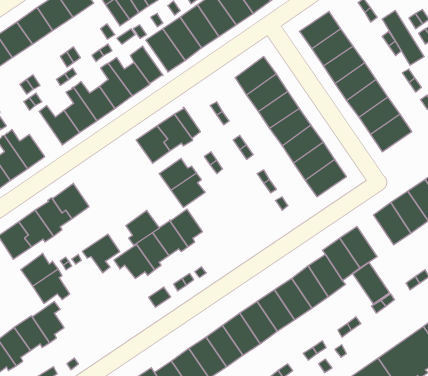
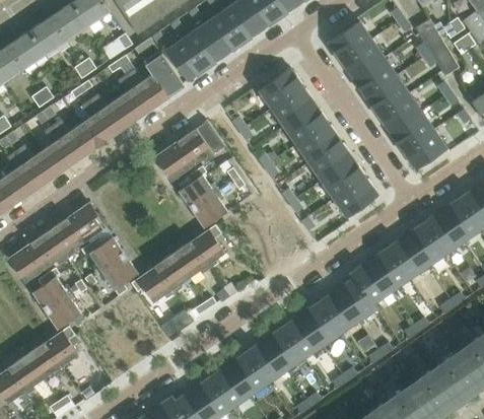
building: none -> [42,126,76,173]
building: [126,210,159,245] -> [89,237,125,274]
building: [353,263,389,304] -> [388,235,426,279]

